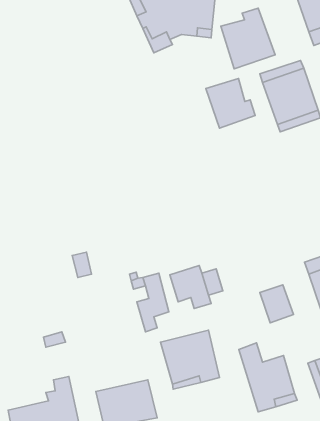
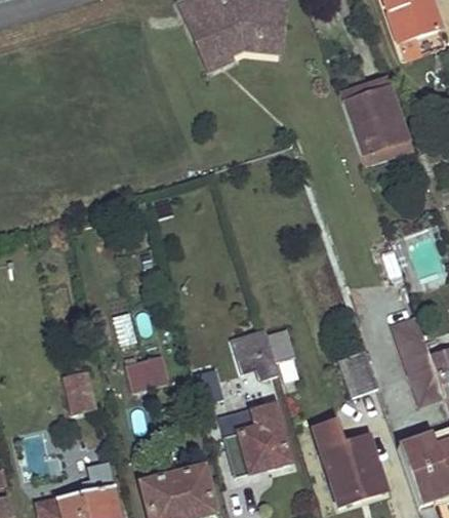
building: [221,8,275,69] -> none
building: [206,79,255,128] -> none
building: none -> [125,355,167,390]
building: none -> [64,368,94,411]

